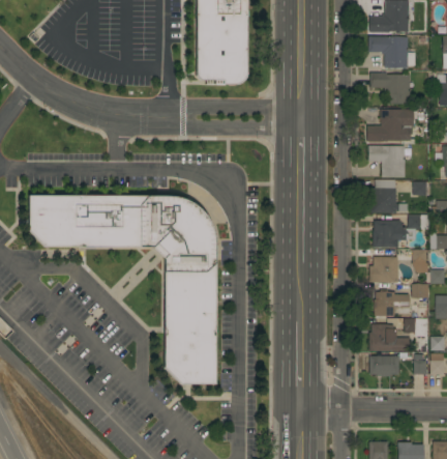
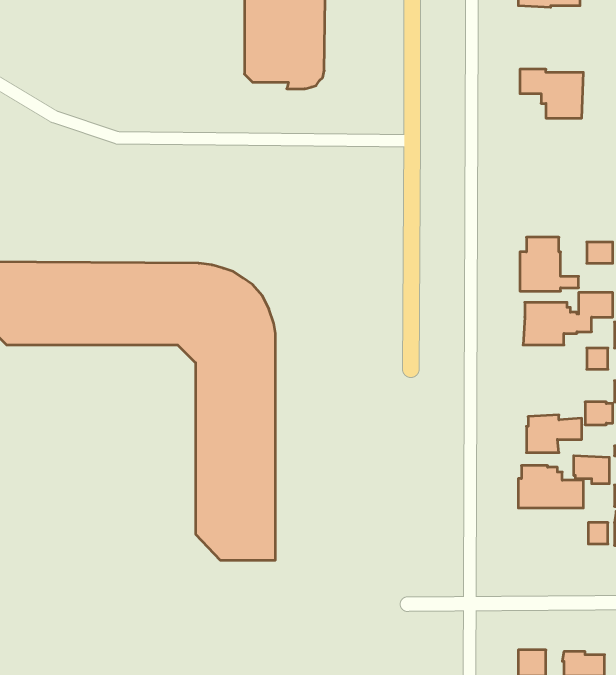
building: [368,36,416,67] -> none
building: [367,110,418,142] -> none
building: [368,146,405,177] -> none
building: [369,257,398,283] -> none
building: [370,356,399,376] -> none

